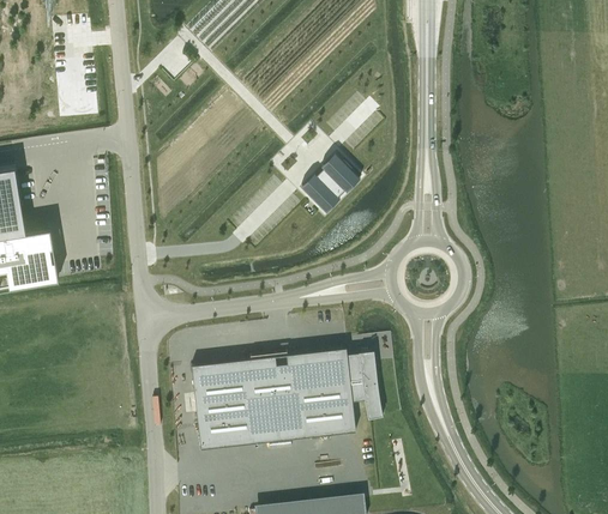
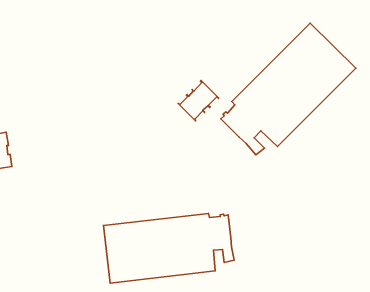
building: none -> [221,23,356,155]

